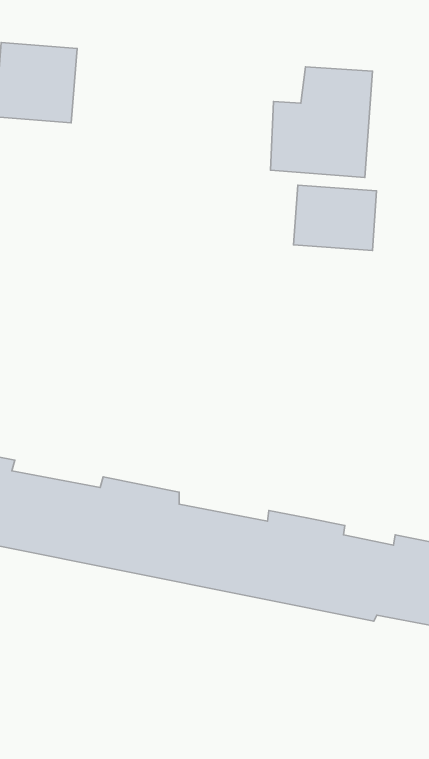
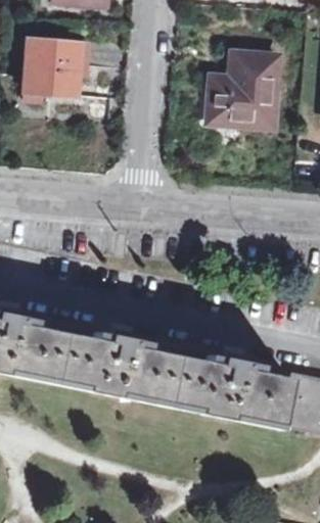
building: [294,185,377,250] -> none

